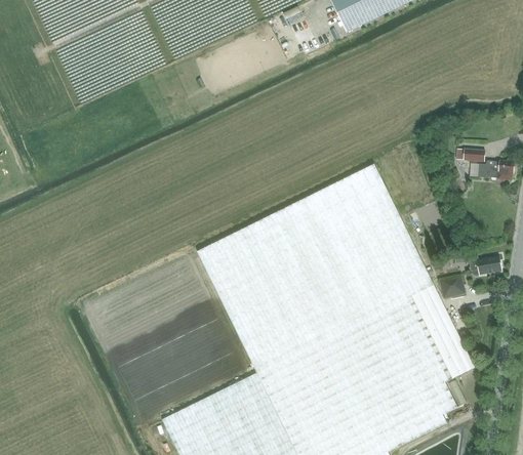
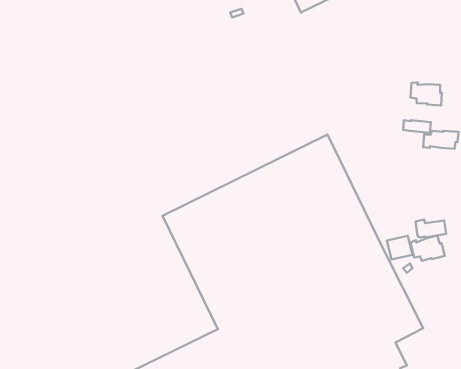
building: none -> [411,83,442,105]
building: none -> [410,235,445,261]

